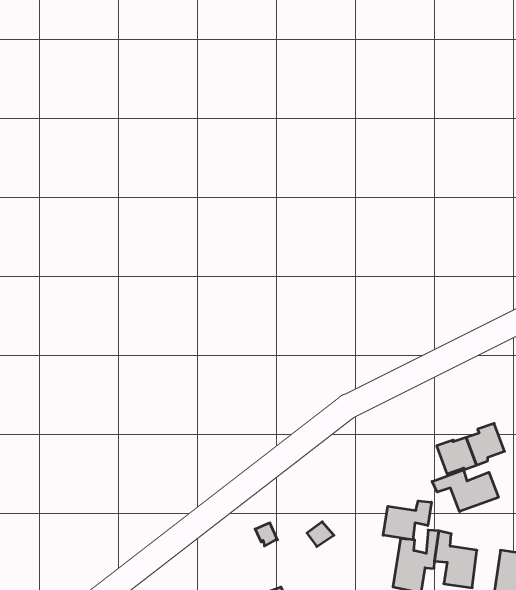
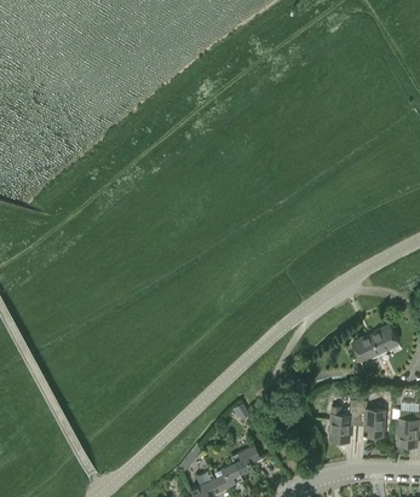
building: [432,470,498,512] -> none
building: [383,501,431,540] -> none

